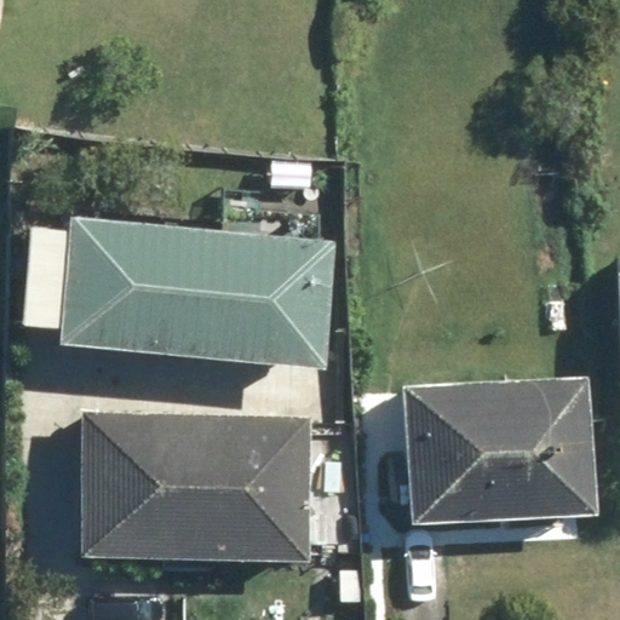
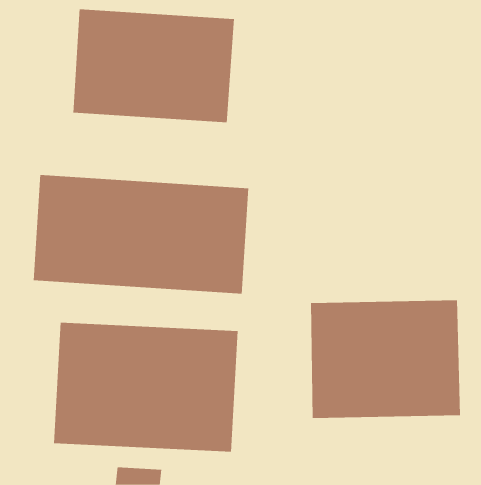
building: none -> [73,9,235,123]

